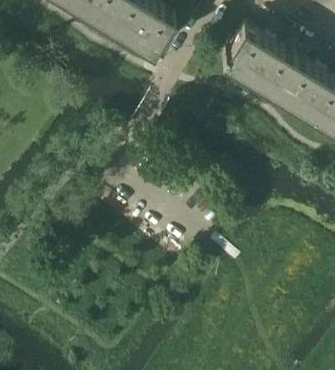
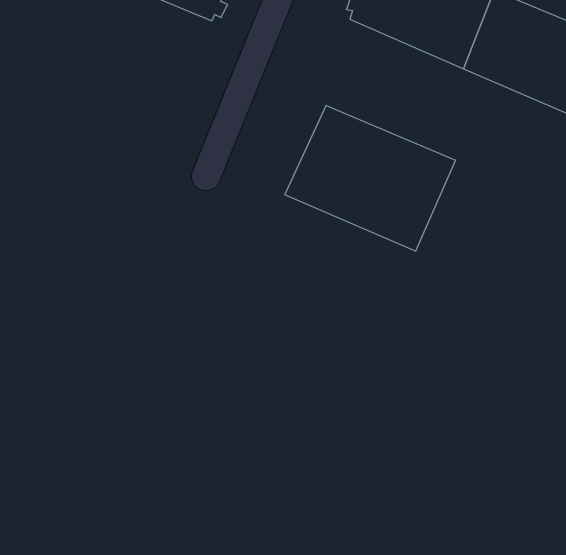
building: none -> [285,105,455,251]

